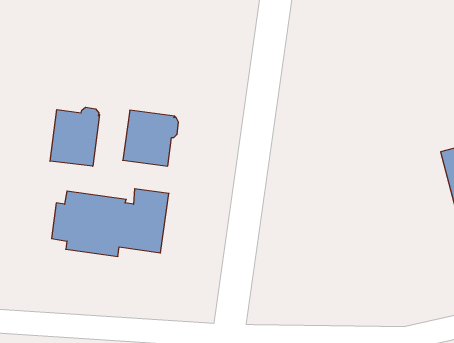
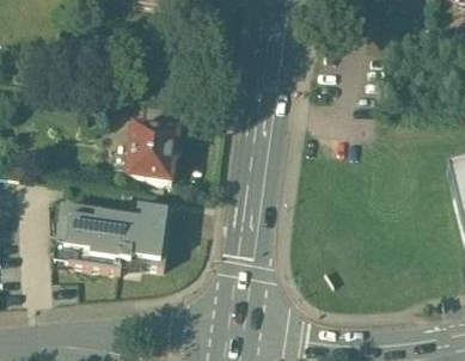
building: [50,107,99,166] -> none

